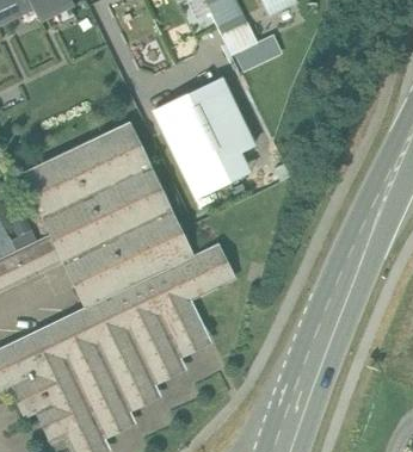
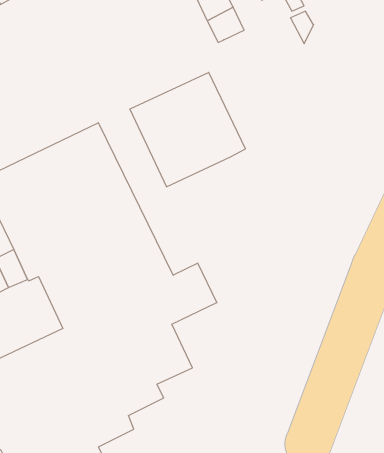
building: [236,32,283,68] -> none
building: [186,153,253,200] -> none

